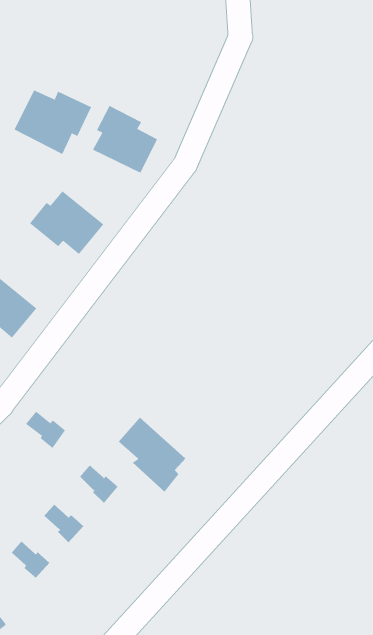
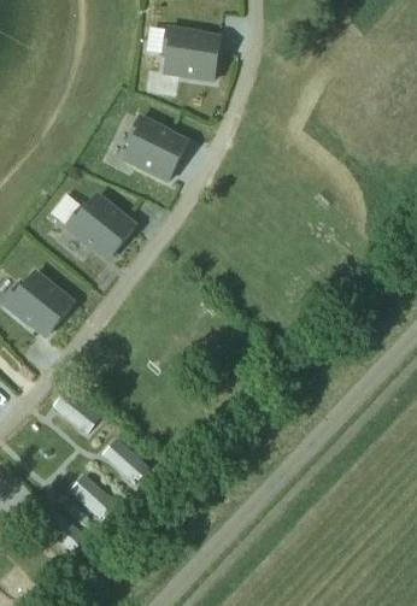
building: none -> [163,28,219,78]
building: [14,90,92,155] -> none
building: [118,417,186,493] -> none

